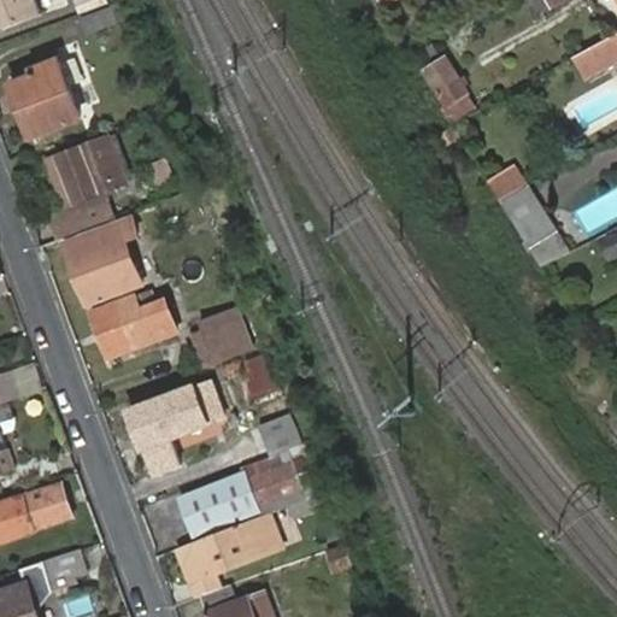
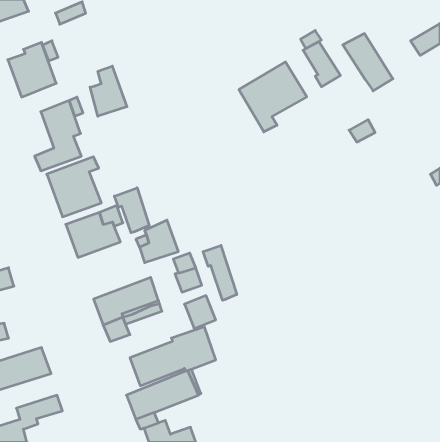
building: none -> [239,62,307,132]
building: none -> [90,66,127,116]
building: [498,184,568,264] -> [343,34,393,91]
building: none -> [114,188,149,233]
building: none -> [203,245,237,300]

